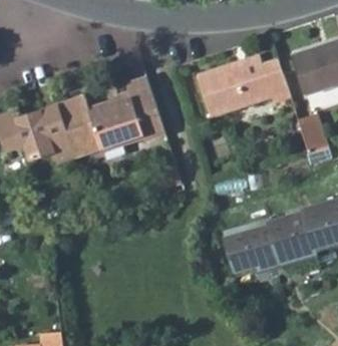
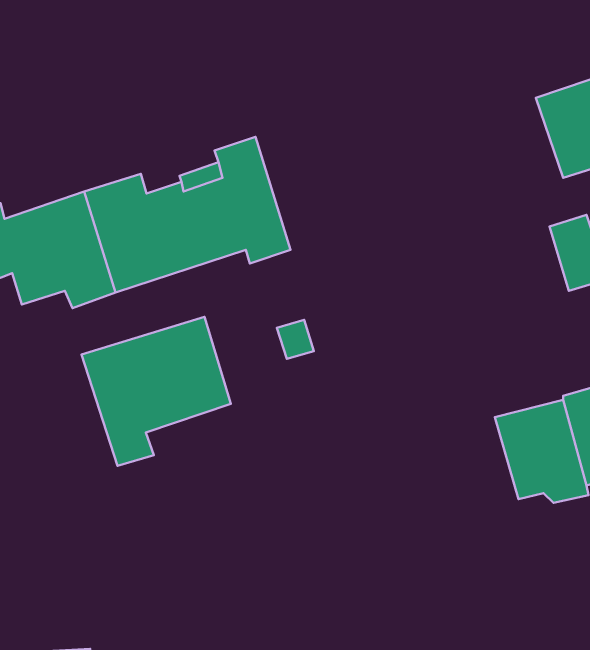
building: [195,54,290,120] -> none
building: none -> [82,317,231,466]
building: [224,219,281,272] -> none

